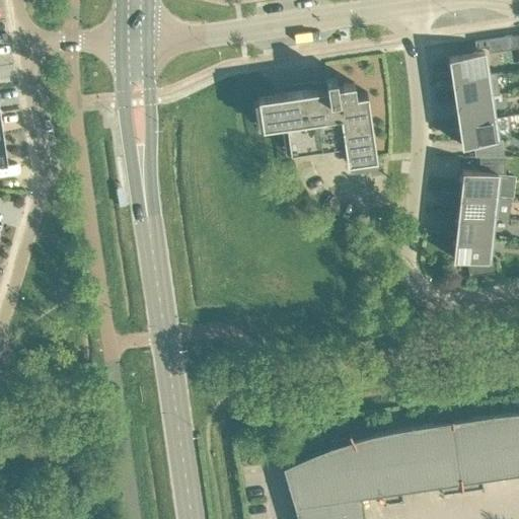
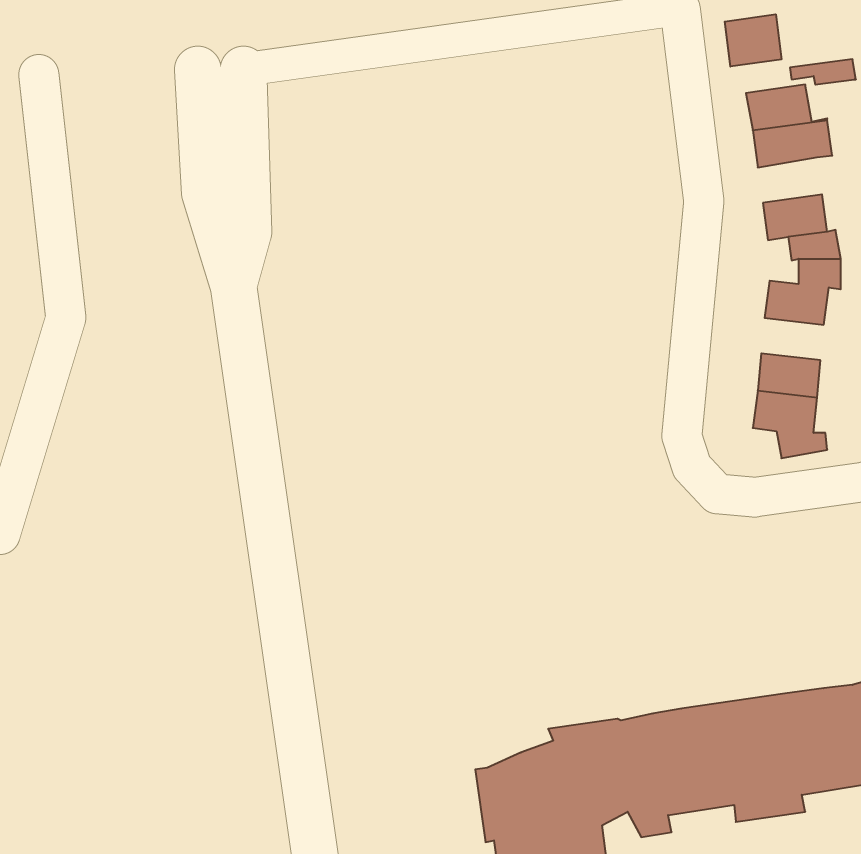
building: none -> [725,14,781,67]
building: [258,83,378,167] -> none
building: [456,100,495,128] -> none
building: [458,197,496,222] -> none

